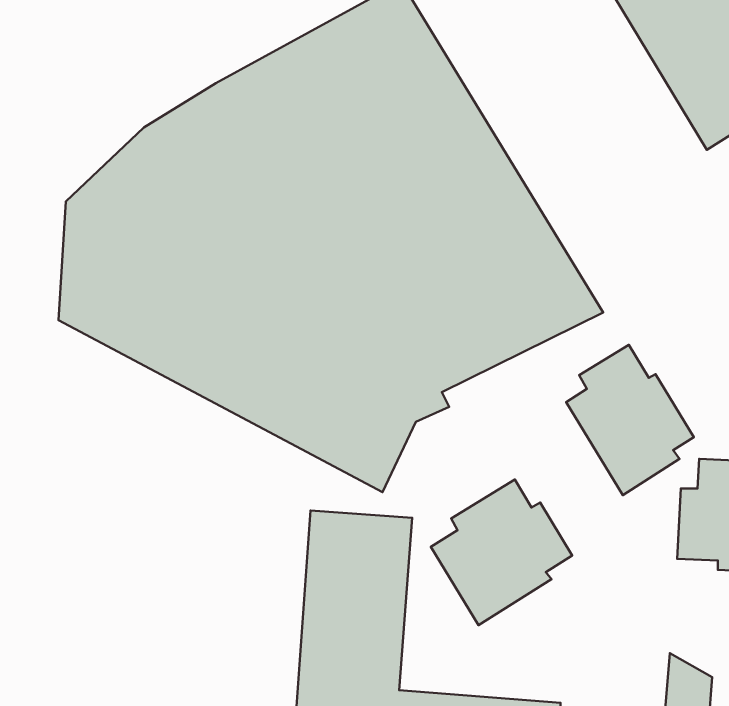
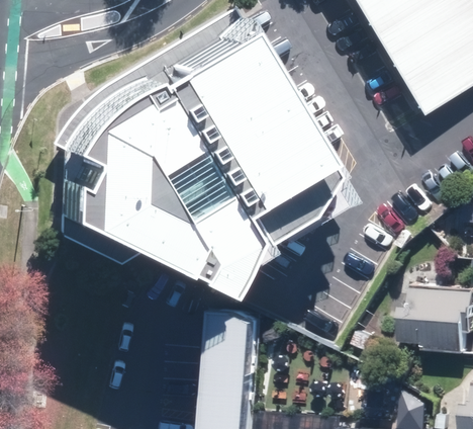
building: [566,345,694,495] -> none
building: [431,480,572,625] -> none

